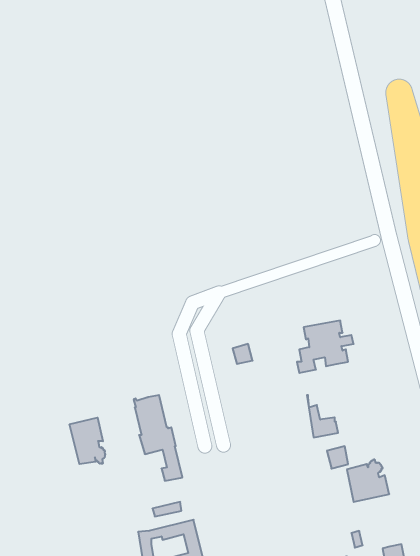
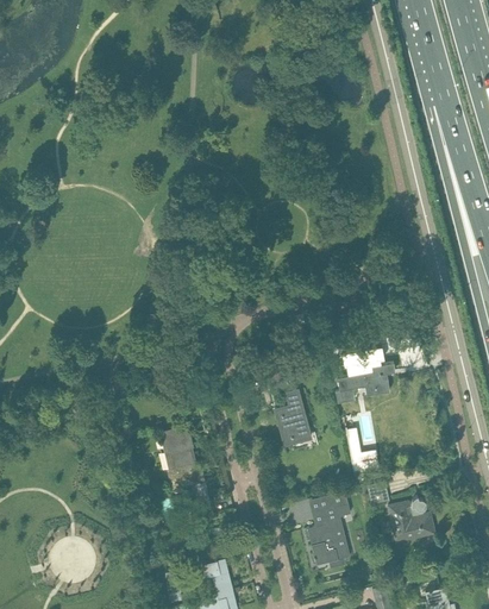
building: none -> [276,391,311,446]
building: [70,418,105,464] -> none
building: none -> [308,492,351,566]

